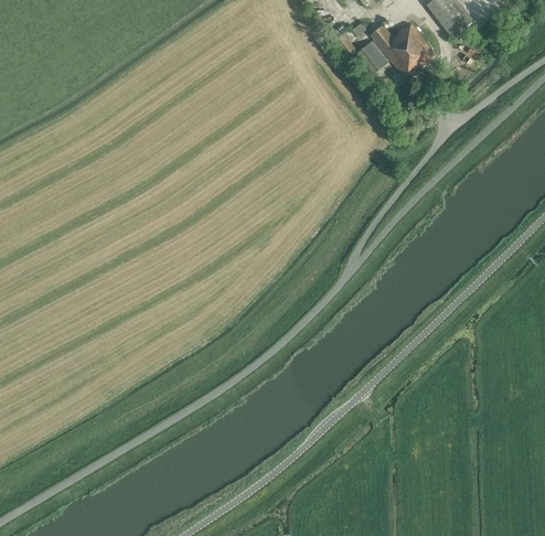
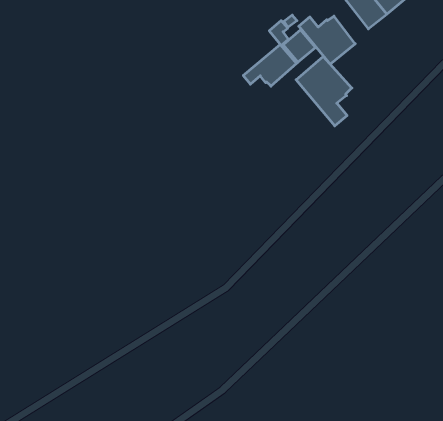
building: none -> [243,44,297,86]
building: none -> [296,56,352,126]

